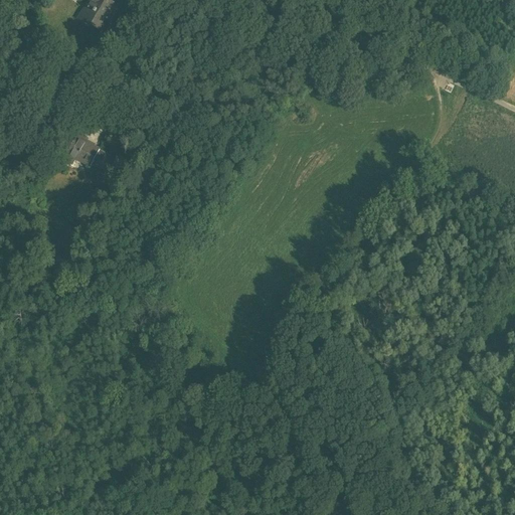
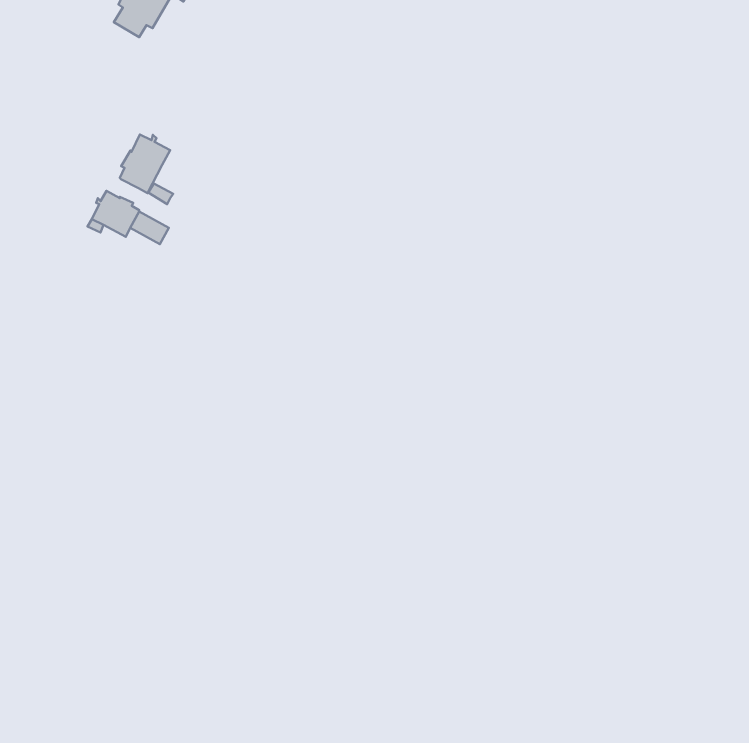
building: none -> [120,135,170,193]

